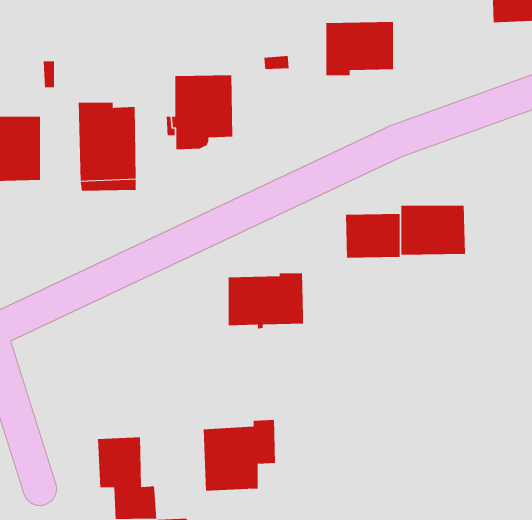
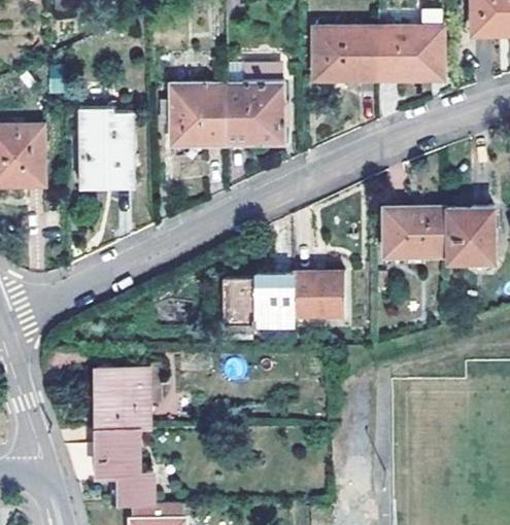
building: none -> [378,32,443,83]
building: none -> [225,82,284,142]
building: none -> [445,206,494,258]
building: [345,214,400,258] -> [292,270,344,312]
building: [203,420,276,491] -> [95,360,164,428]

